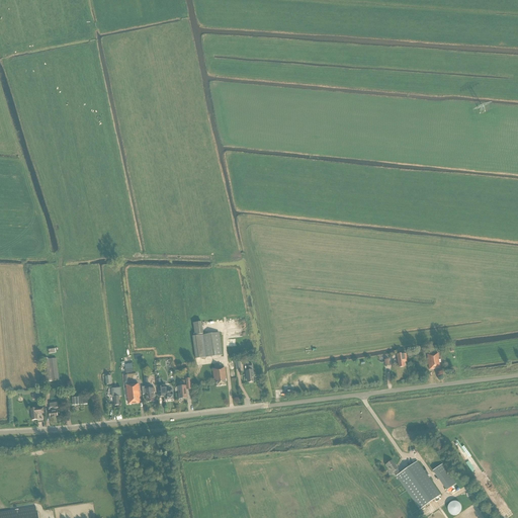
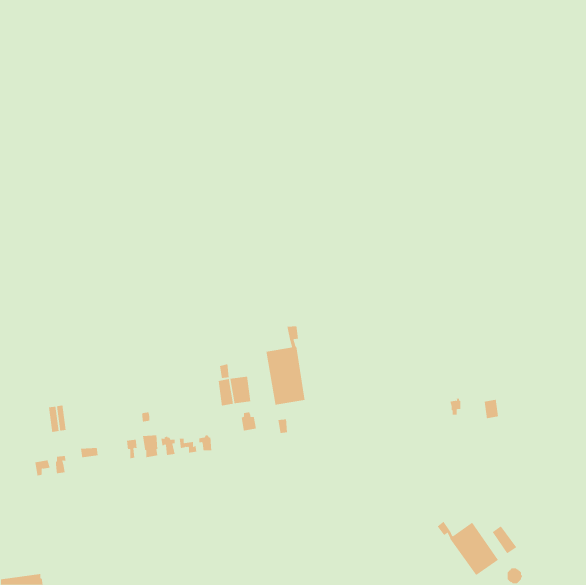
building: none -> [266,325,305,406]

